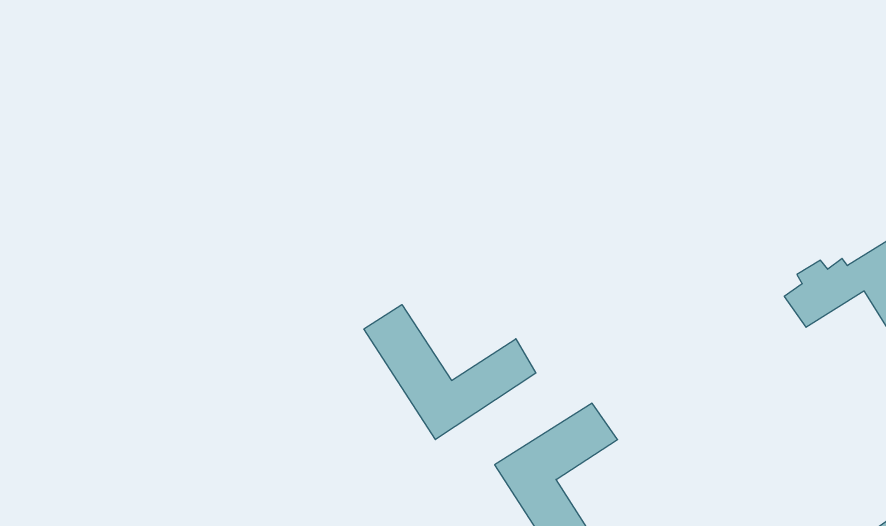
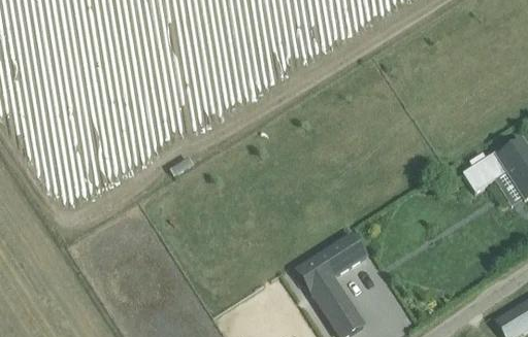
building: [364,305,536,440] -> none

